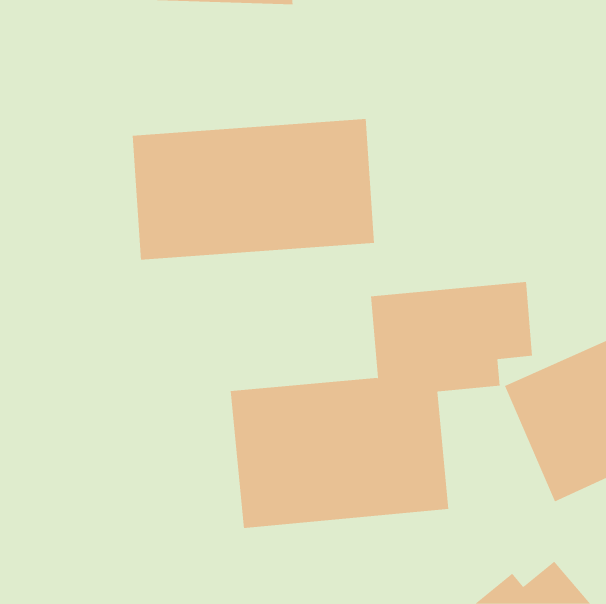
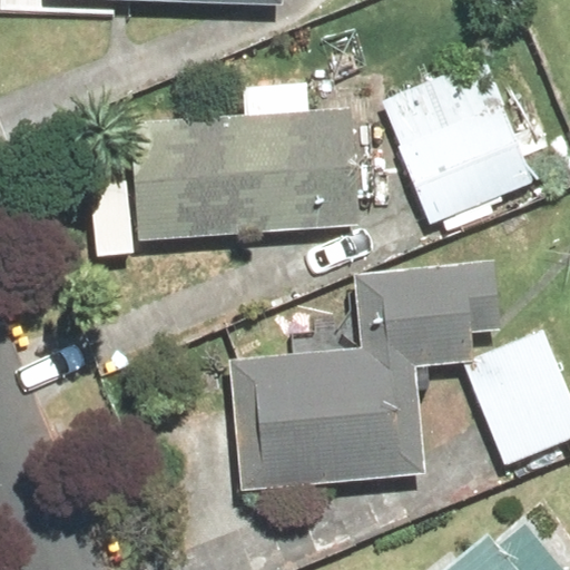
building: none -> [394,49,561,224]

